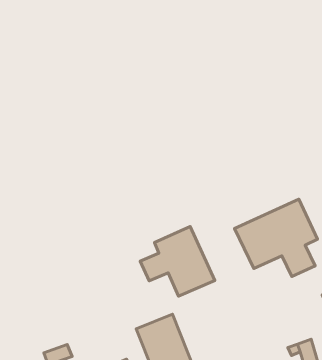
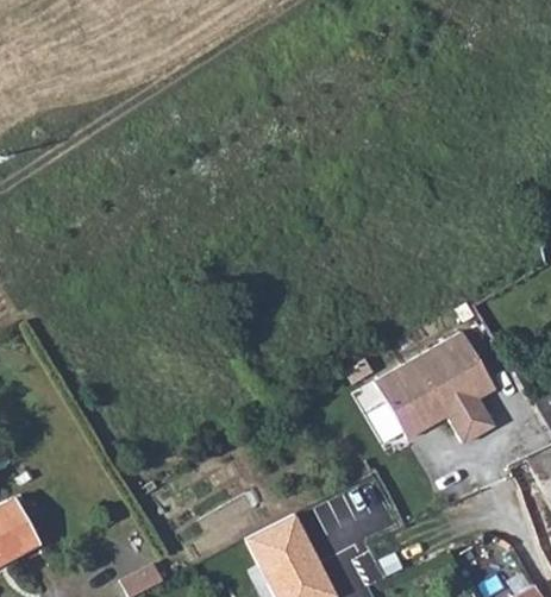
building: [140,227,215,296] -> none

